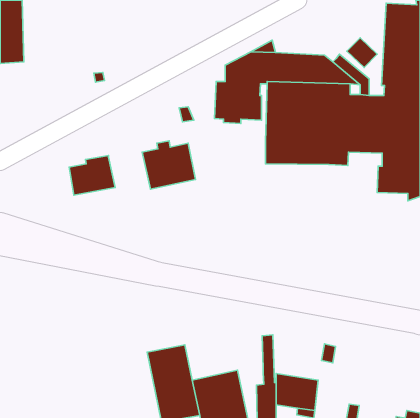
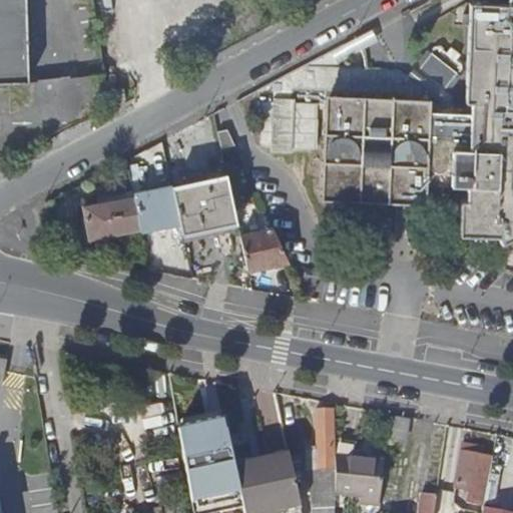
building: none -> [132,187,178,231]
building: none -> [242,230,290,272]
building: none -> [460,446,491,505]

